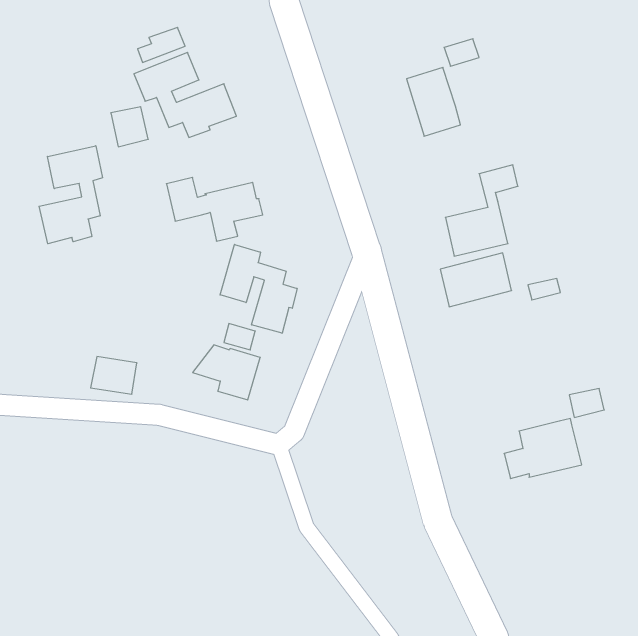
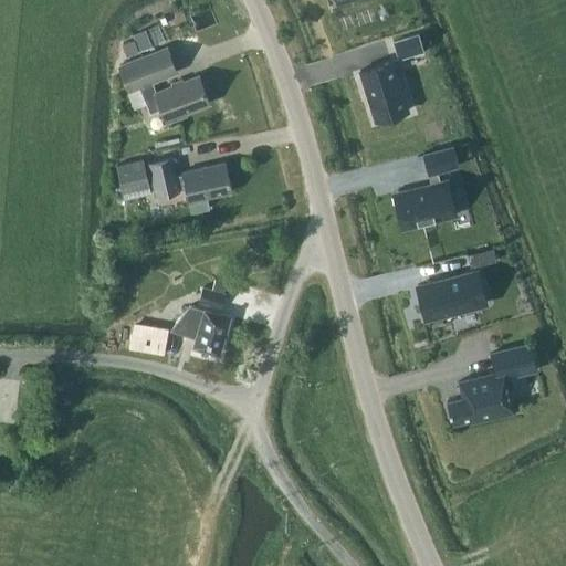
building: [111,107,148,147] -> [117,160,150,196]
building: [39,146,103,244] -> none
building: [220,244,297,333] -> none
building: [440,253,512,307] -> [418,273,481,321]
building: [91,357,137,394] -> [128,324,169,357]

